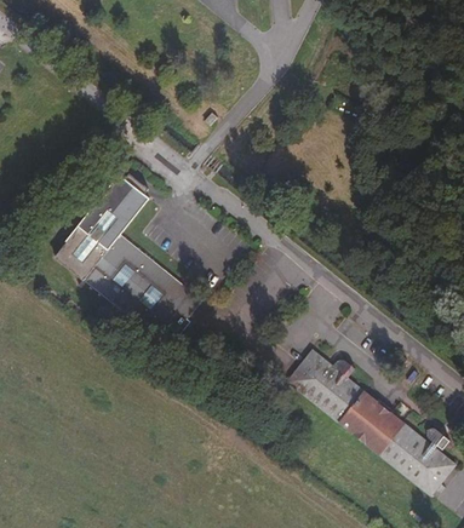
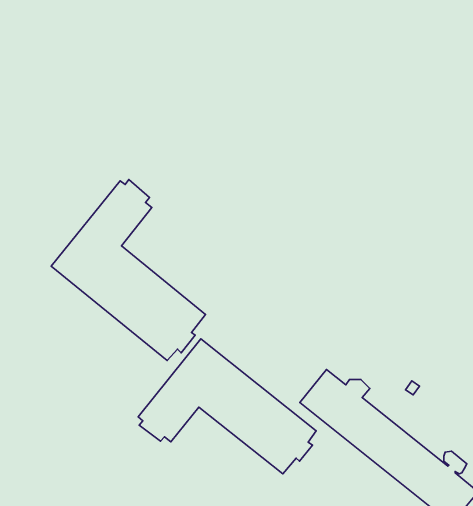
building: none -> [138,339,316,474]

